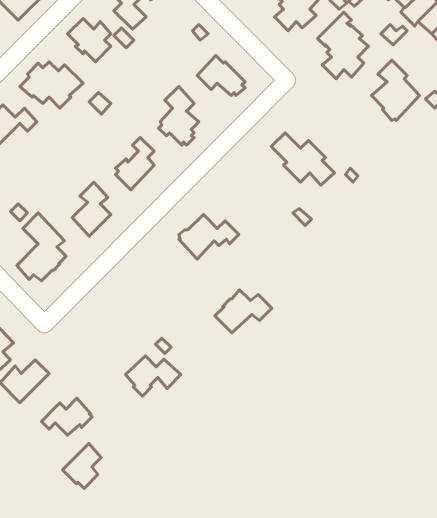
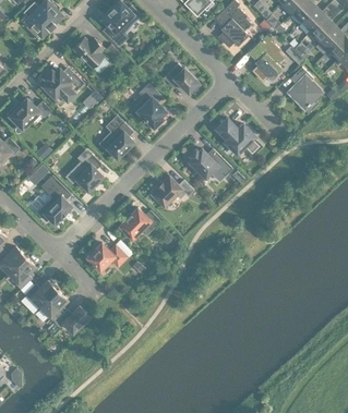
building: none -> [189,149,231,178]
building: [215,290,272,333] -> [119,208,159,239]
building: [125,356,181,396] -> [87,244,127,272]
building: [63,444,101,488] -> [38,291,65,323]

